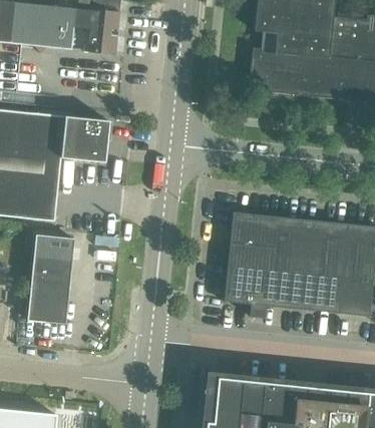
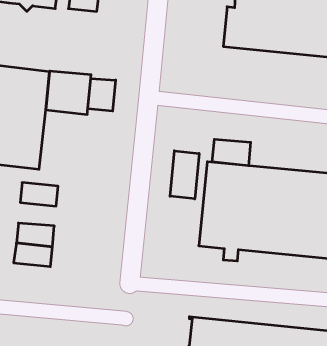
building: none -> [88,78,116,111]
building: none -> [212,139,251,166]
building: none -> [170,151,199,199]
building: [32,256,72,281] -> none

